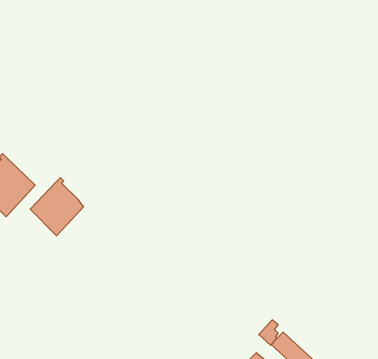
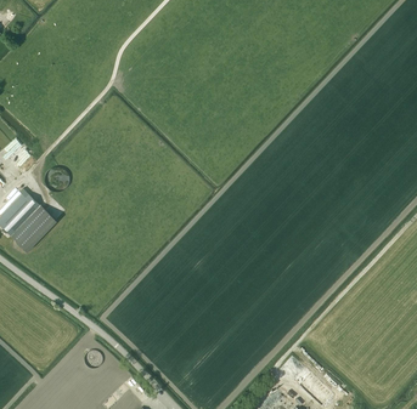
building: [30,178,83,236] -> none

